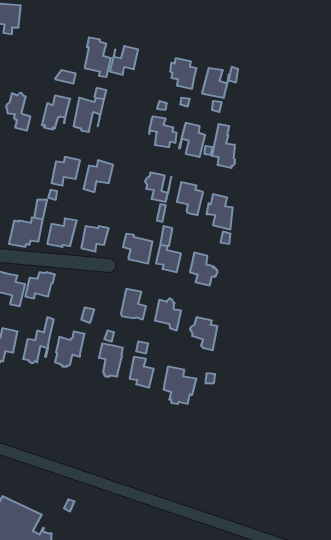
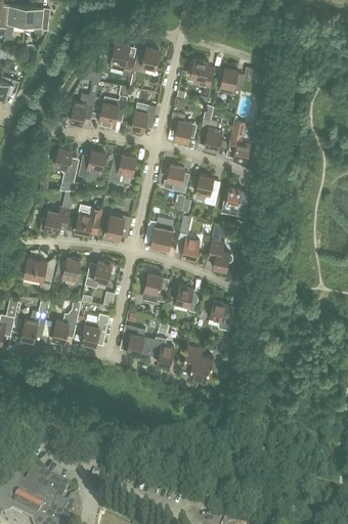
building: [6,93,30,131] -> [53,147,76,182]
building: none -> [130,104,156,132]
building: none -> [84,260,113,287]

